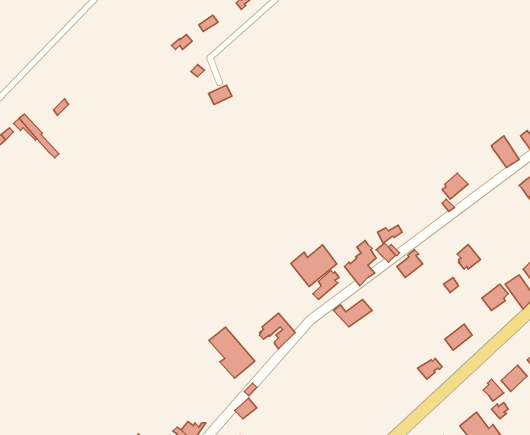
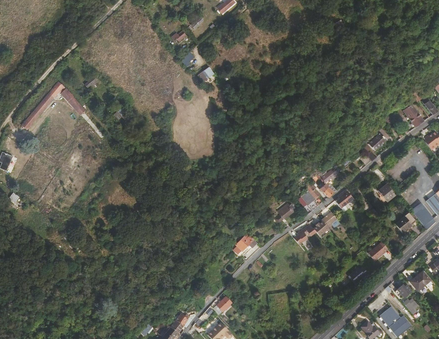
building: [291,245,337,287] -> none
building: [209,327,255,378] -> none

